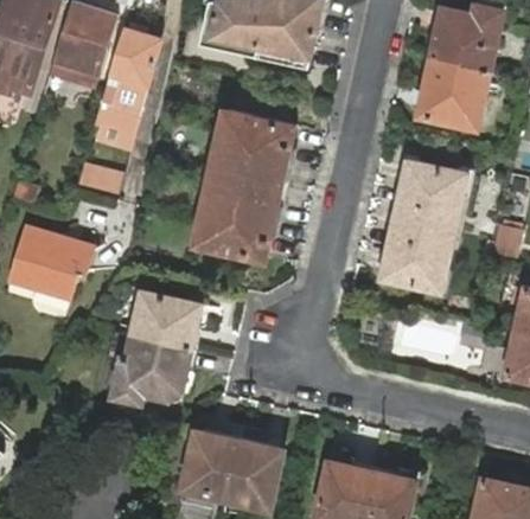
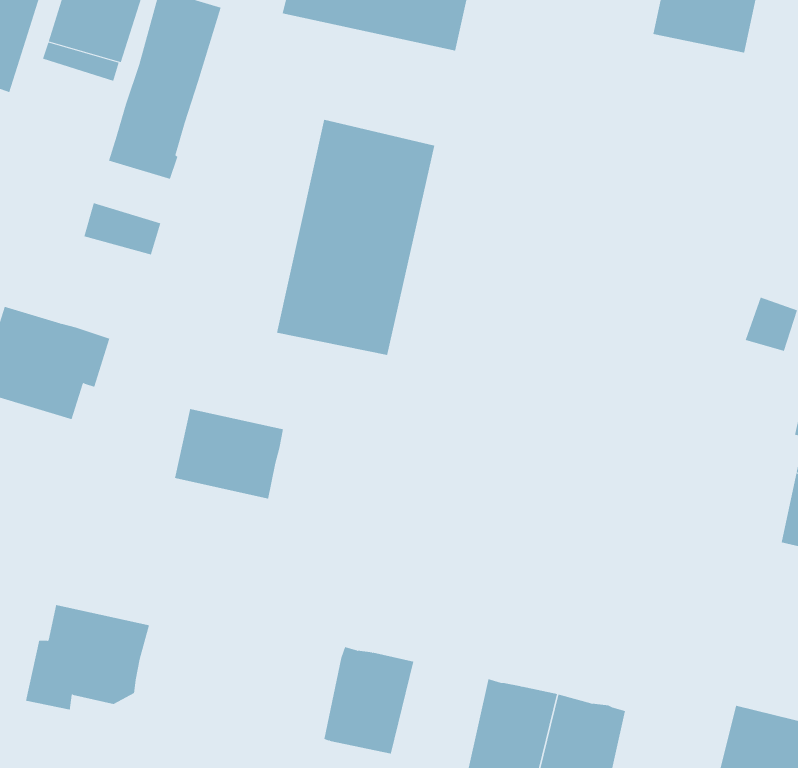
building: [424,57,490,127] -> none
building: [382,161,466,290] -> none
building: [113,335,191,402] -> [25,604,150,710]
building: [181,430,238,499] -> none

